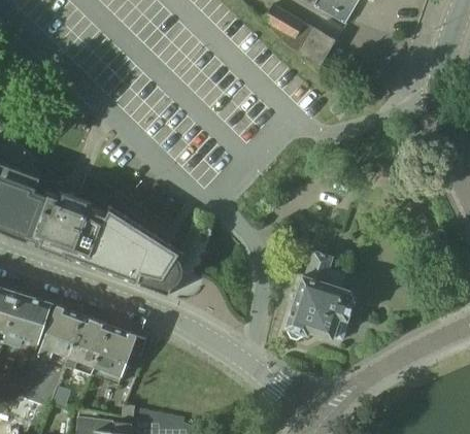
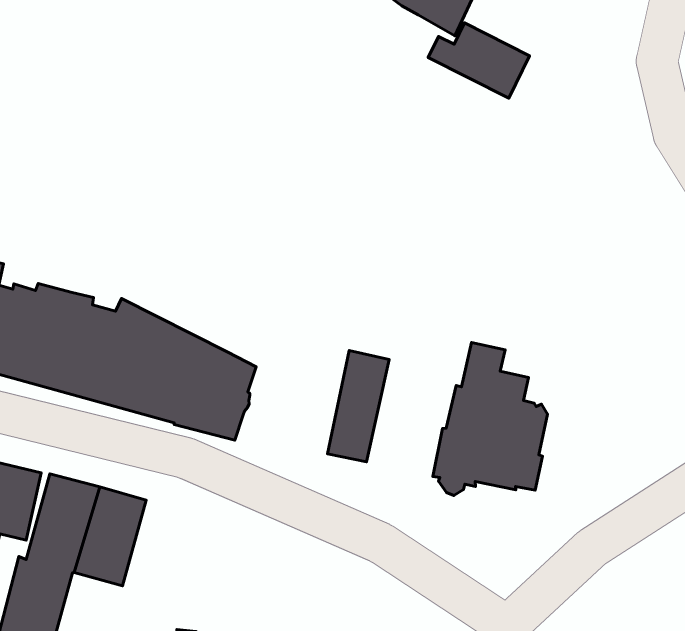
building: none -> [428,23,529,98]
building: none -> [328,350,389,462]
building: [94,326,147,385] -> none

